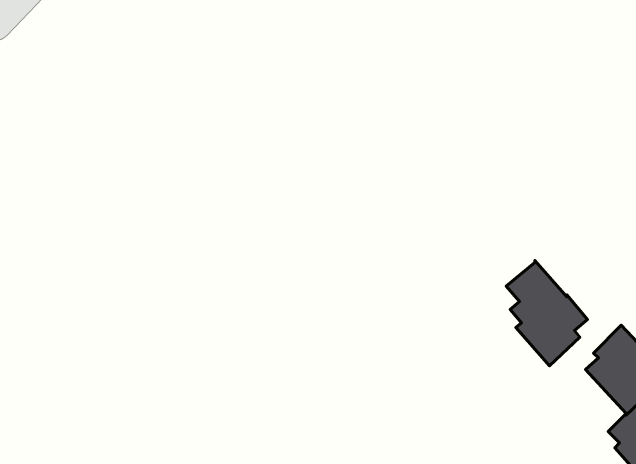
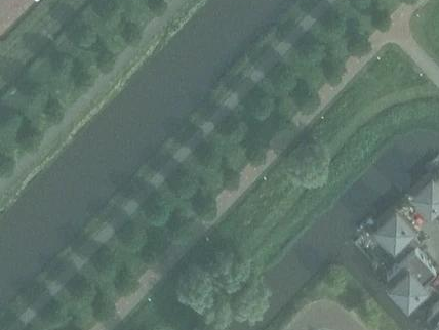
building: [506,261,588,366] -> none

